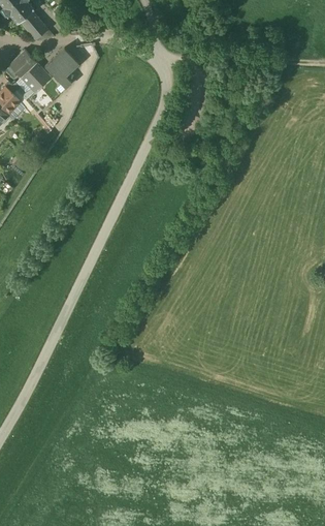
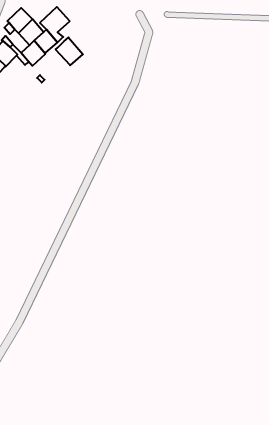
building: none -> [56,37,83,65]

